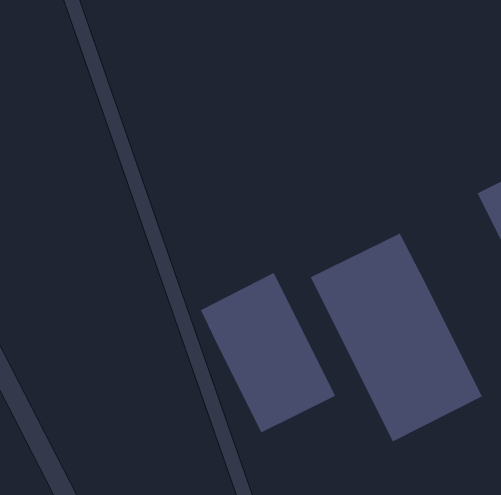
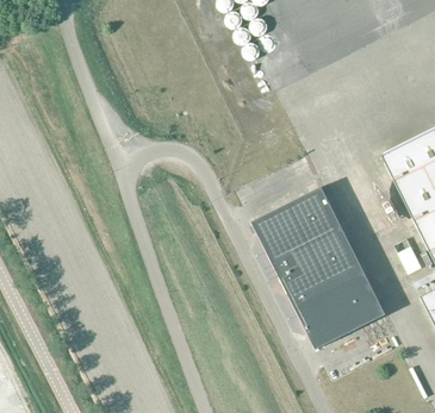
building: [200,272,336,433] -> none

